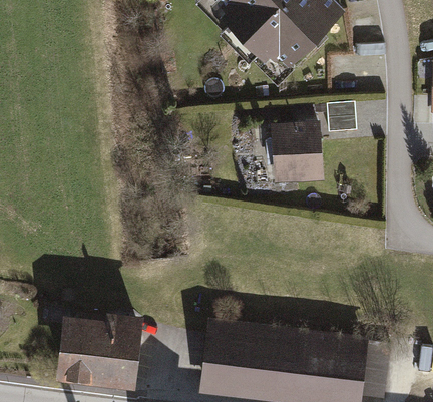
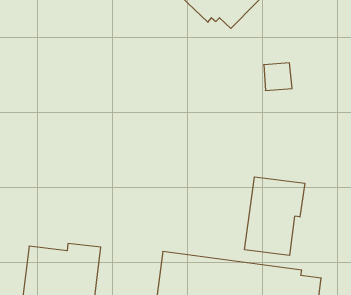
building: [271,122,323,182] -> none
building: none -> [245,177,305,255]

